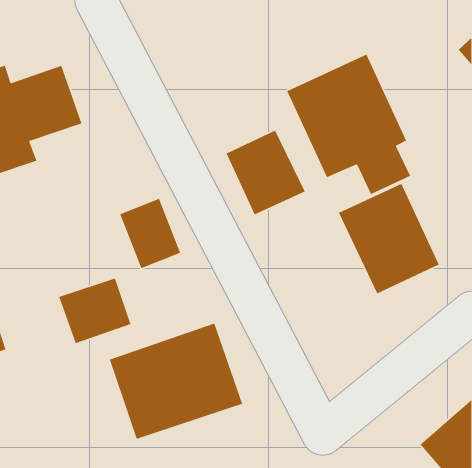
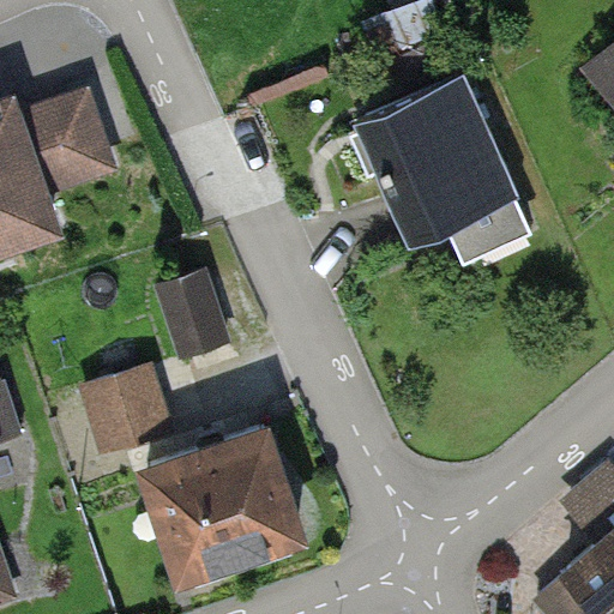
building: [225,130,306,216] -> none
building: [338,183,440,294] -> none

